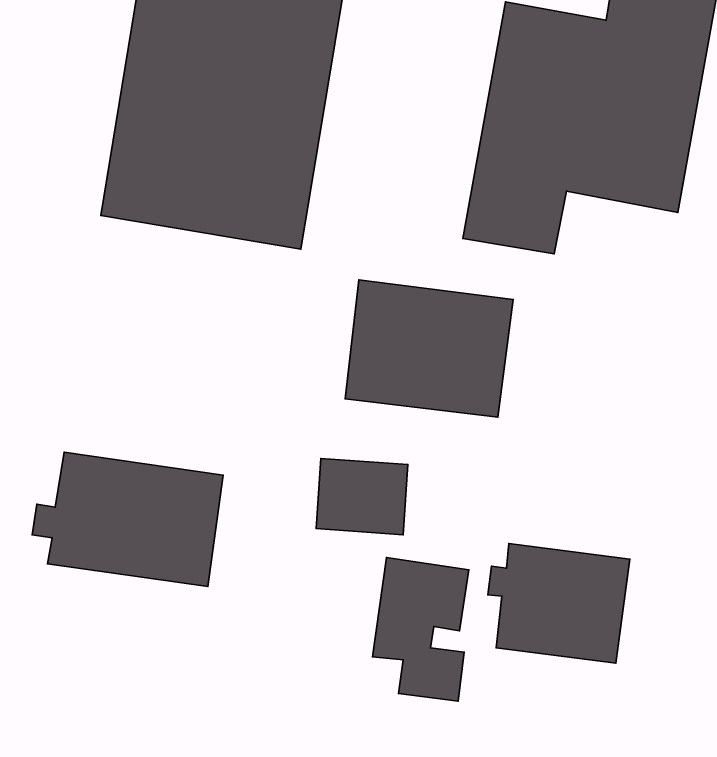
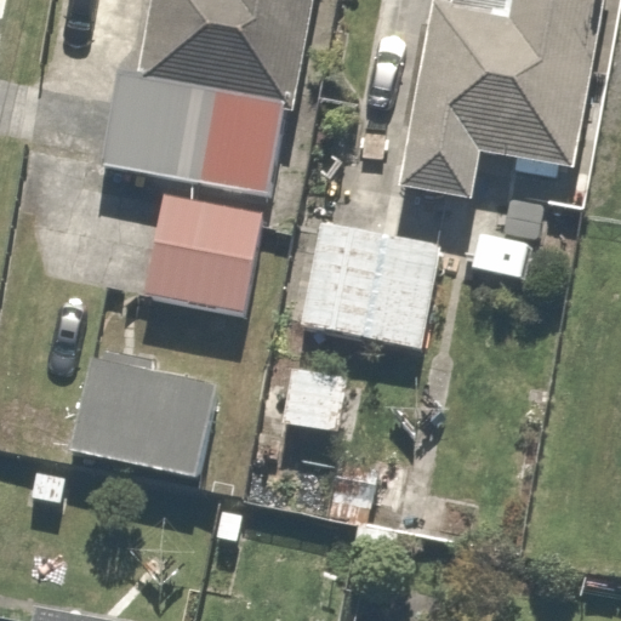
building: none -> [144,193,261,307]
building: [488,544,630,663] -> none

